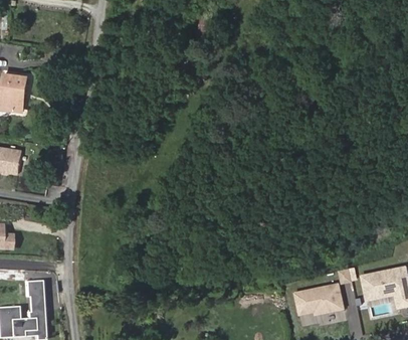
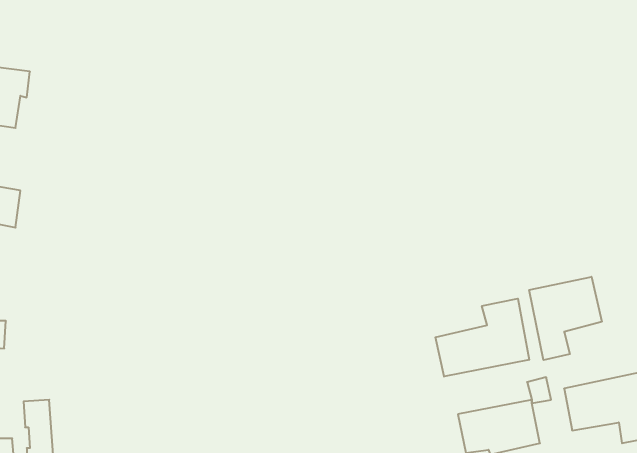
building: none -> [529,277,602,360]
building: none -> [435,299,529,377]

